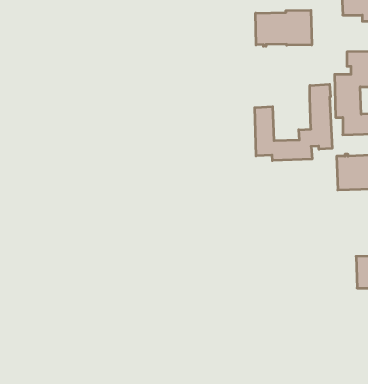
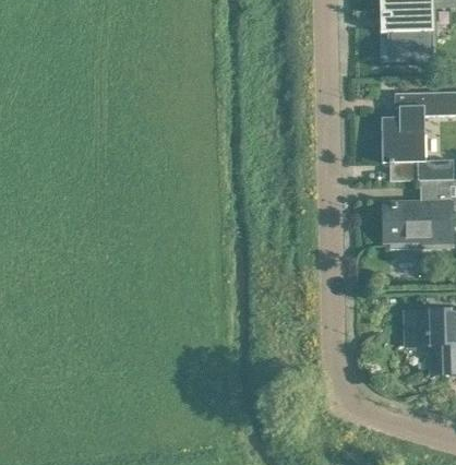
building: [256,10,312,46] -> none
building: [255,84,332,161] -> none

